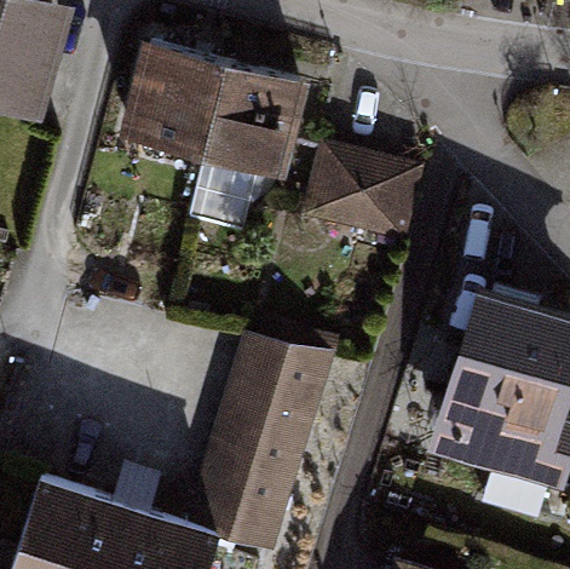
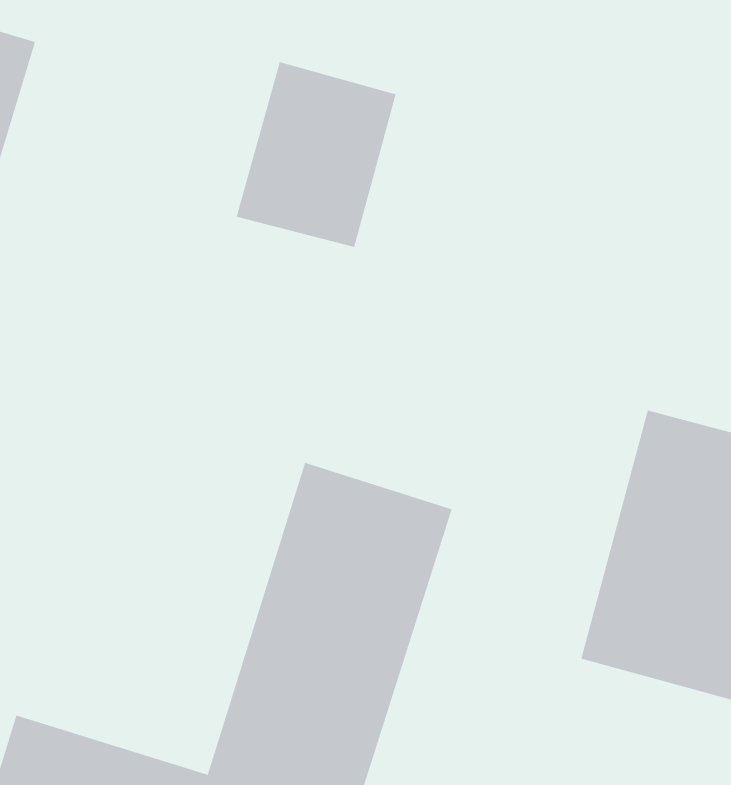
building: [115,33,223,159] -> none
building: [309,138,431,241] -> none

